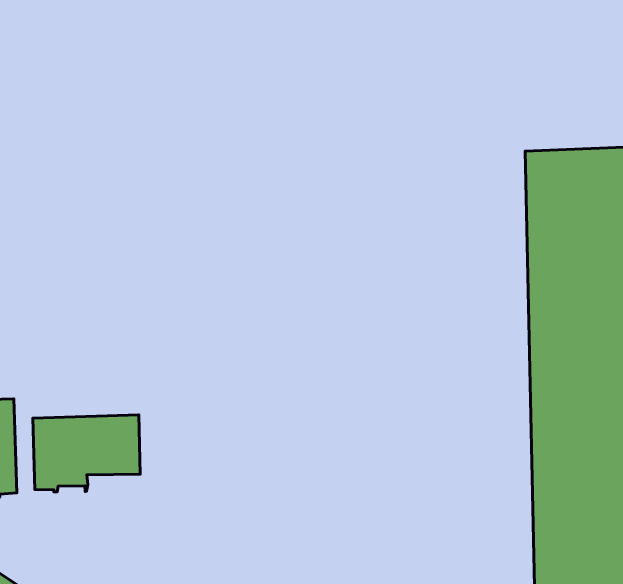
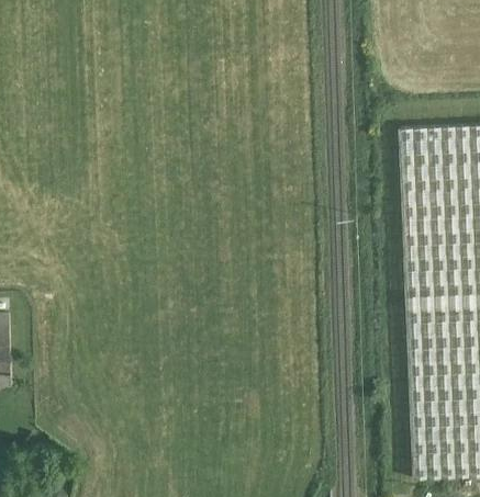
building: [33,415,140,492] -> none

